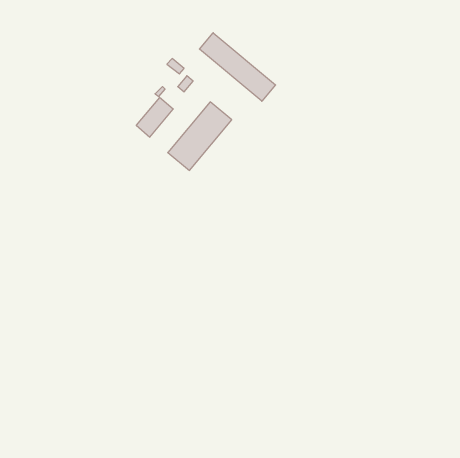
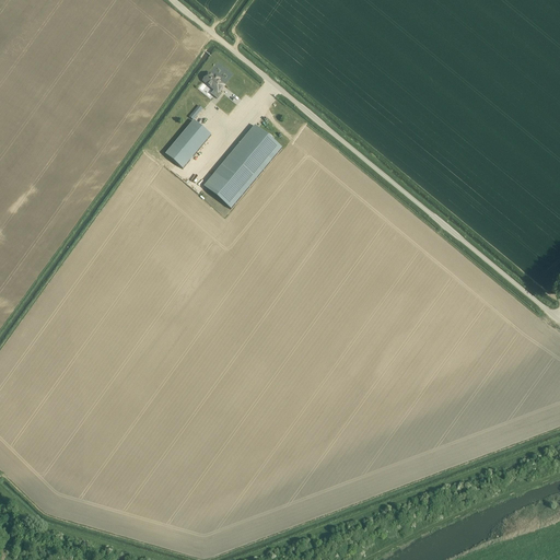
building: [199,33,276,101] -> none

